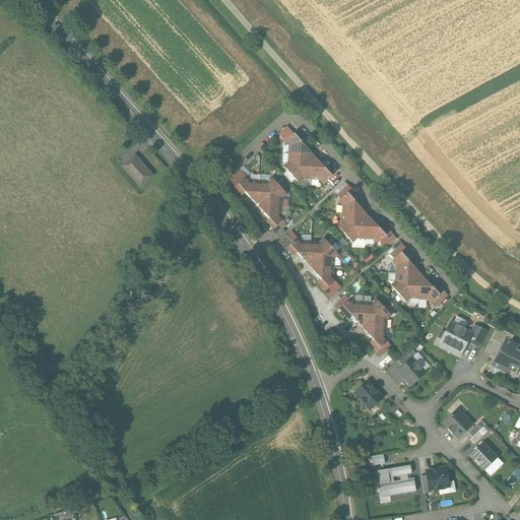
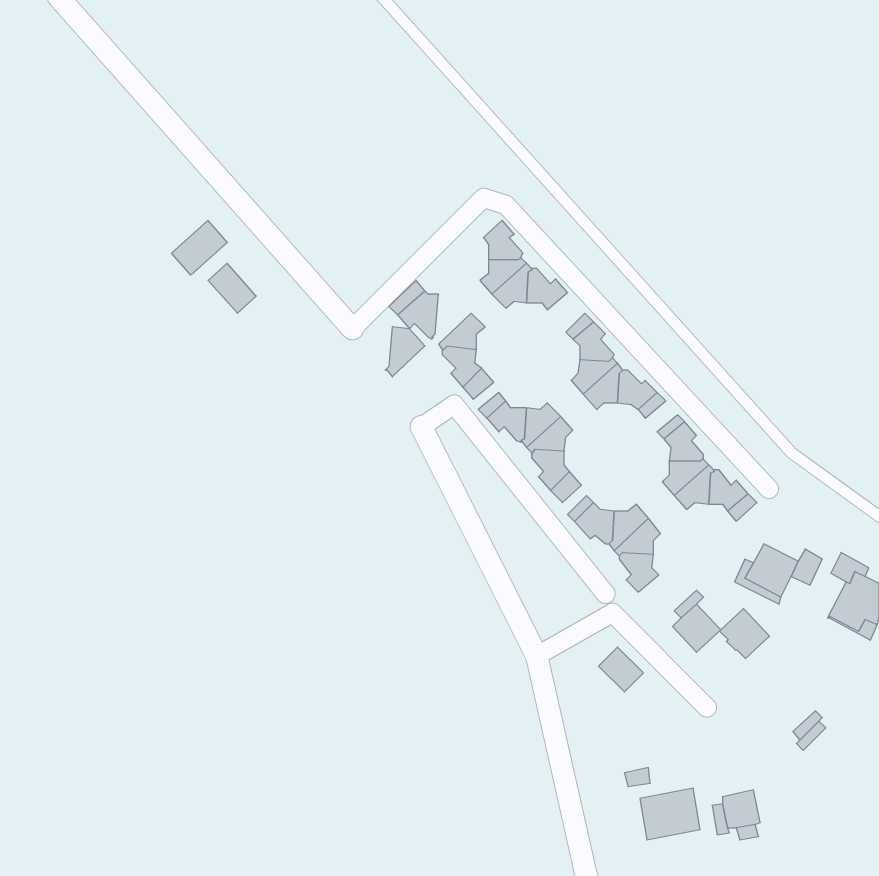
building: none -> [172,220,227,275]
building: [255,174,278,203] -> [385,327,425,377]
building: [443,408,472,438] -> [720,609,769,659]
building: [469,441,498,469] -> none

